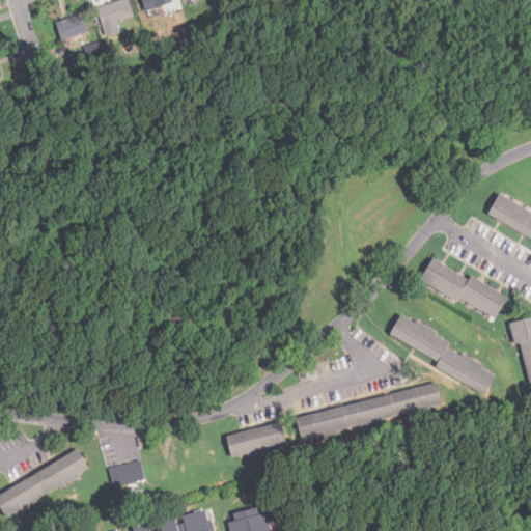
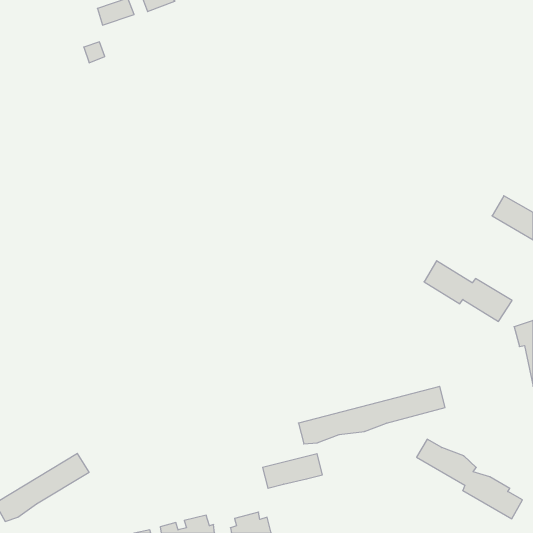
building: [56,13,86,39] -> none
building: [390,315,495,394] -> [417,439,522,519]
building: [226,422,285,456] -> [263,454,322,488]
building: [108,460,144,486] -> none

